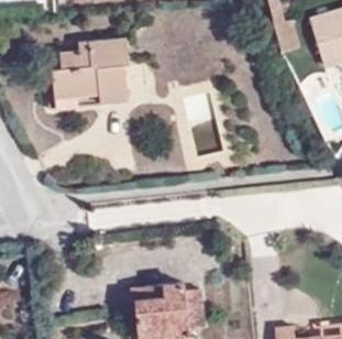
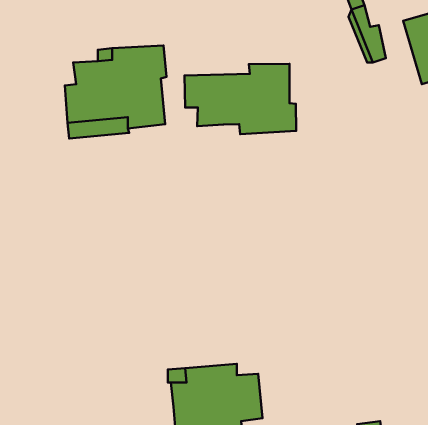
building: none -> [184,64,296,134]

